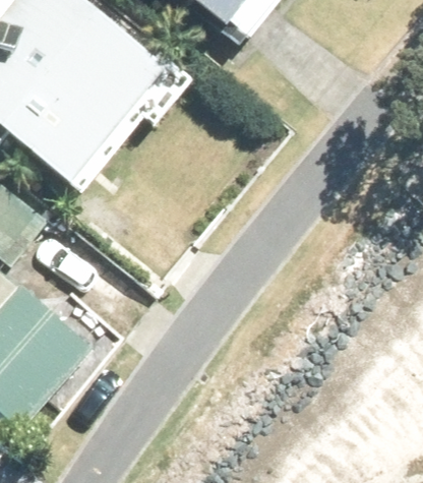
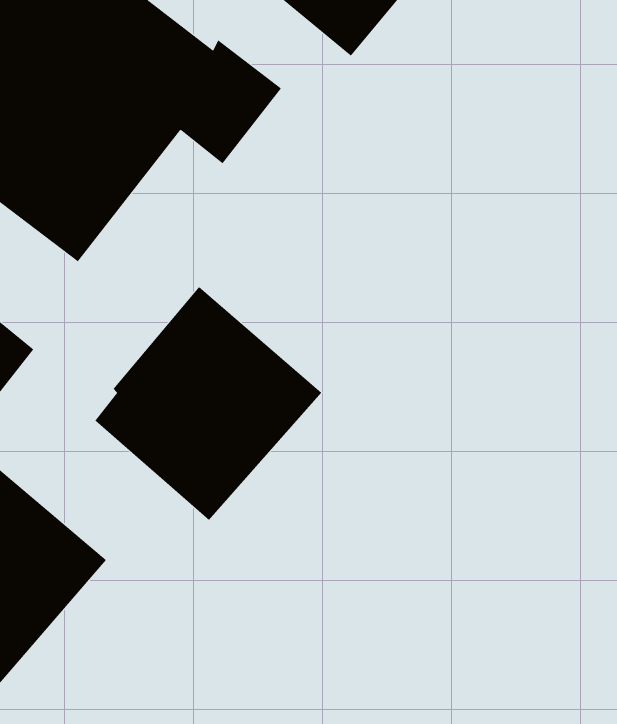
building: none -> [94,286,322,521]

